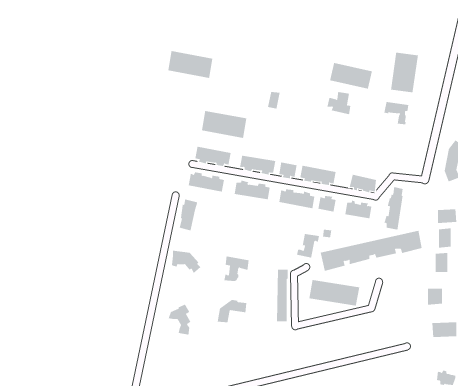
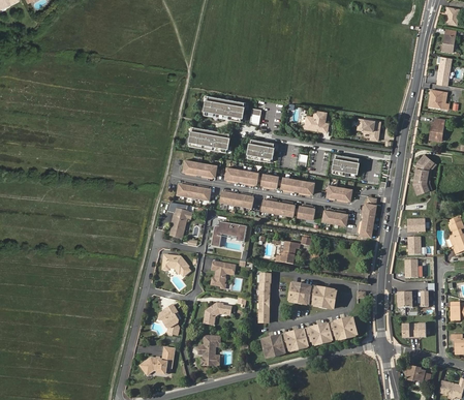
building: [167,51,213,78] -> [204,95,246,121]
building: [390,52,418,93] -> none
building: [329,62,372,89] -> none
building: none -> [246,137,276,162]
building: none -> [332,154,361,178]
building: none -> [210,220,245,246]
building: [320,230,423,272] -> [262,319,358,358]
building: none -> [197,334,220,364]
building: none -> [140,348,175,373]

